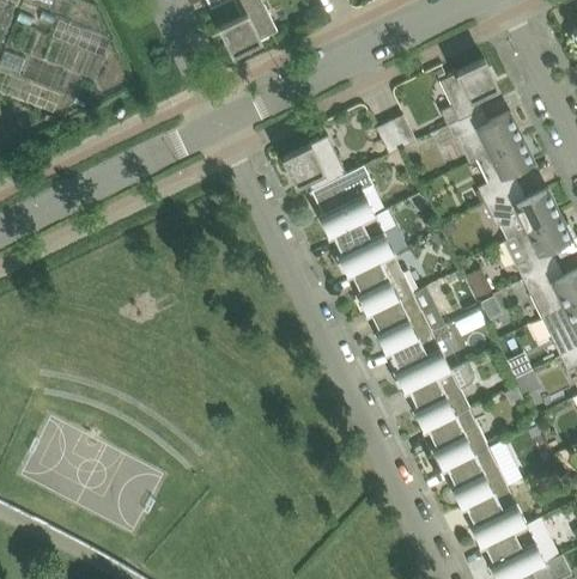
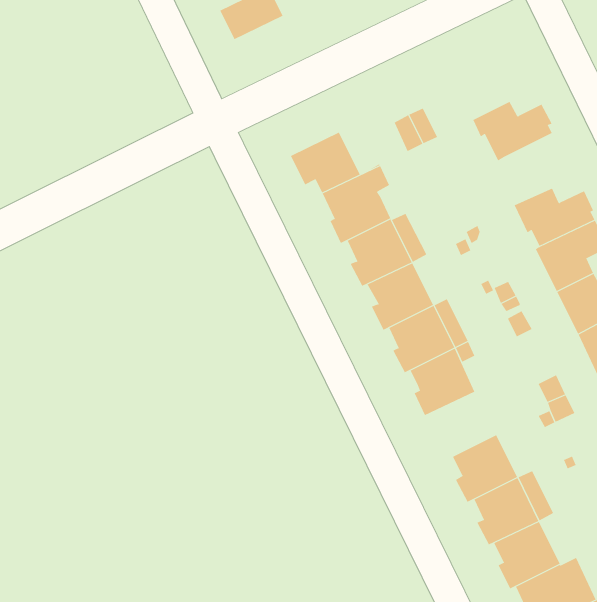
building: [441,61,498,127] -> none
building: [476,139,535,203] -> none
building: [405,362,474,432] -> none

